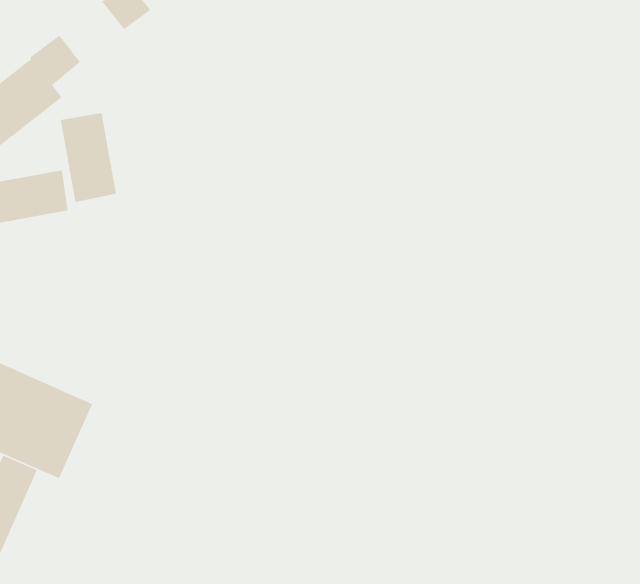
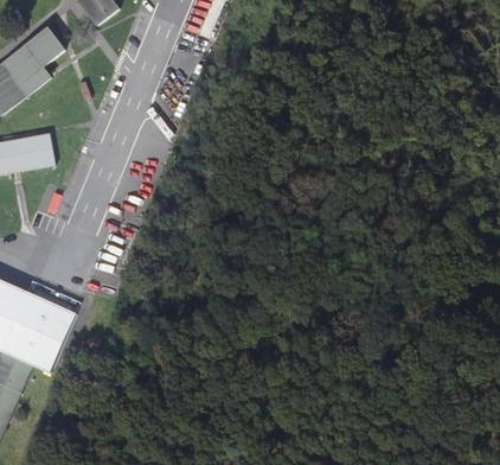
building: [60,112,117,203] -> none

